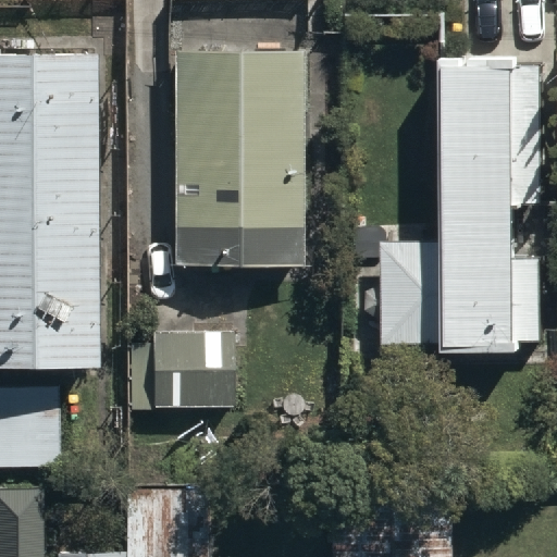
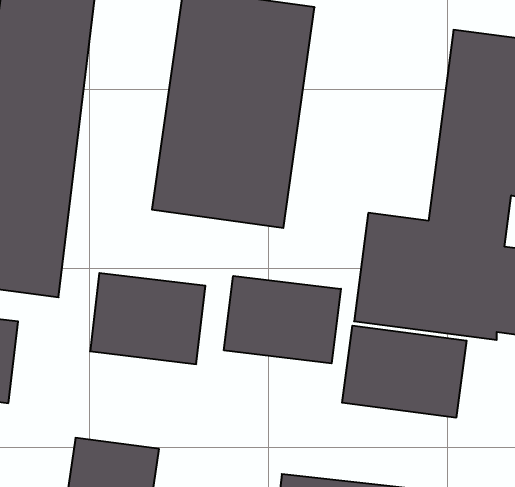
building: none -> [224,276,341,363]
building: none -> [342,326,467,418]

